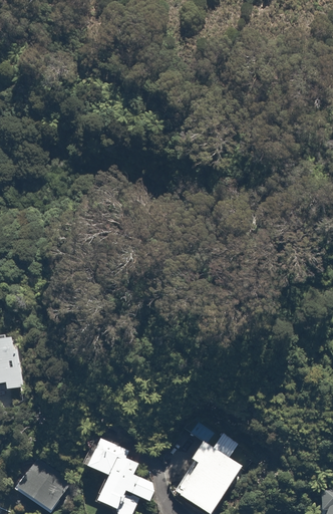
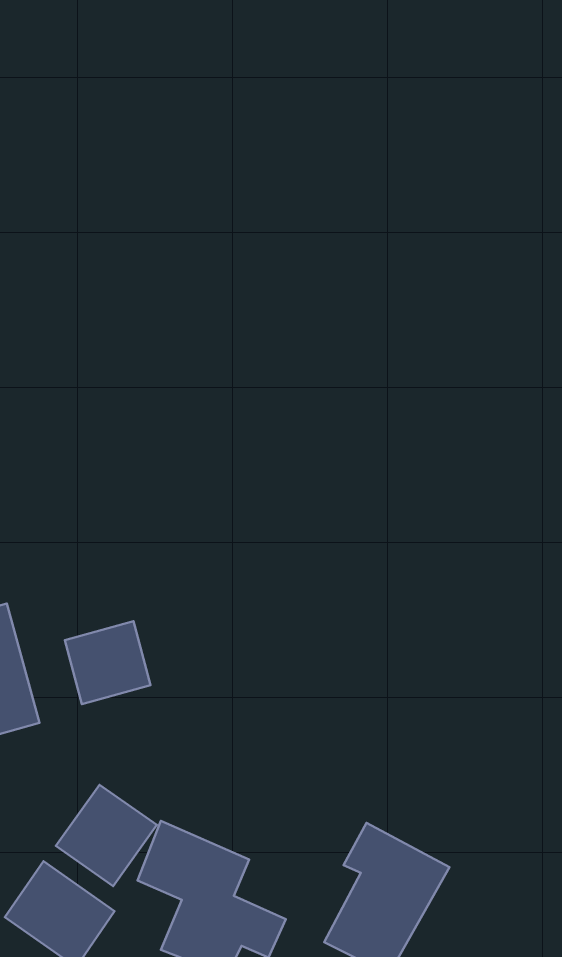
building: none -> [65,621,150,704]
building: none -> [56,785,157,886]

